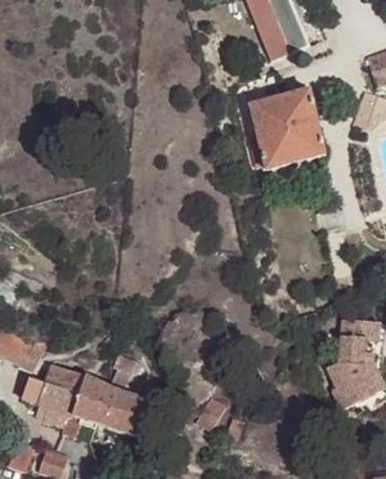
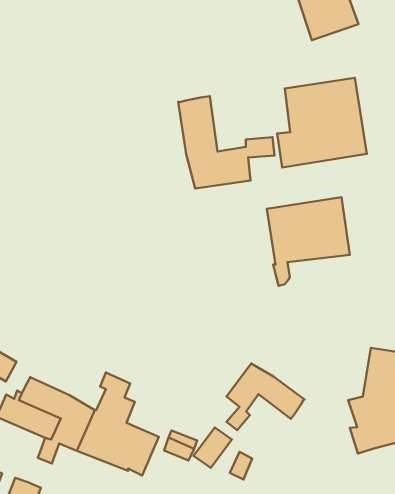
building: none -> [178,96,274,189]
building: none -> [267,197,350,286]
building: none -> [226,363,305,430]

